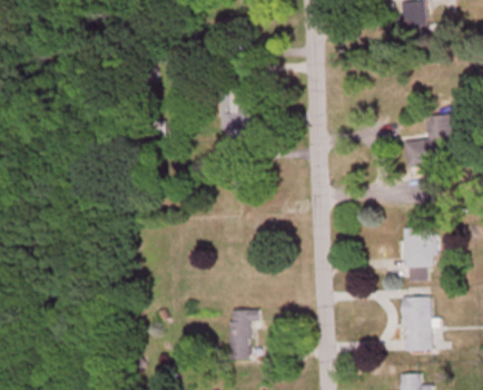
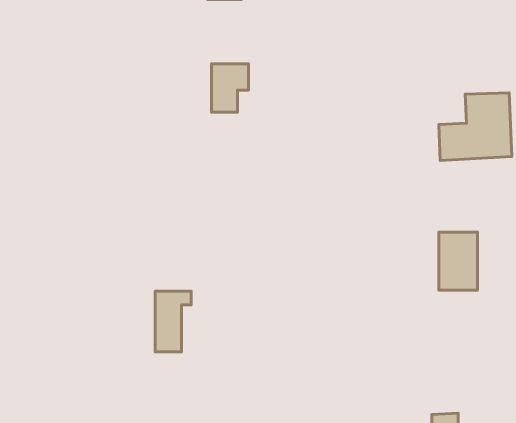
building: [403,295,431,349] -> none
building: [229,309,258,358] -> [155,291,191,352]

